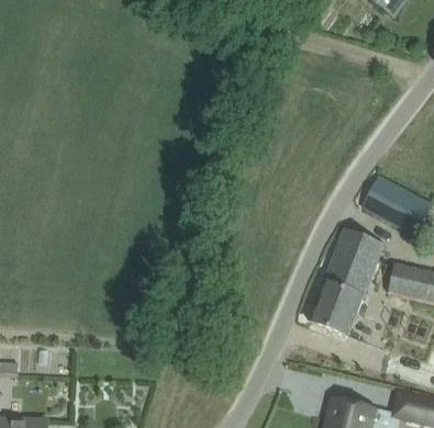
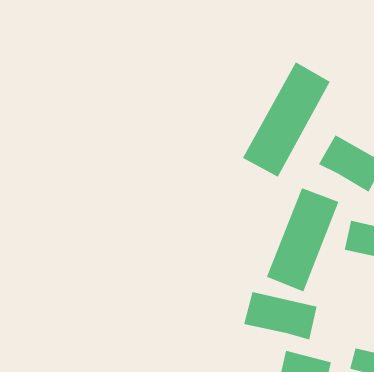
building: none -> [242,61,331,178]
building: none -> [243,291,317,340]

